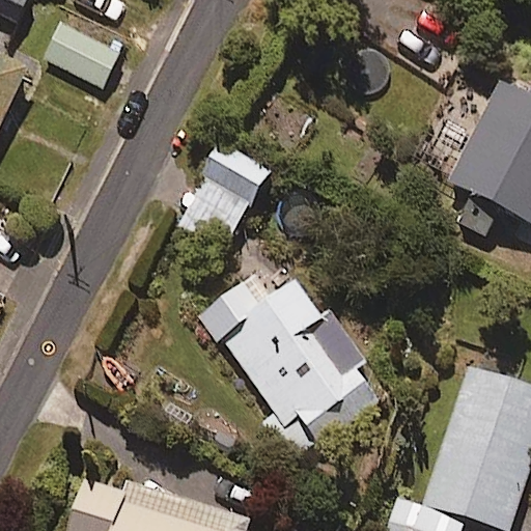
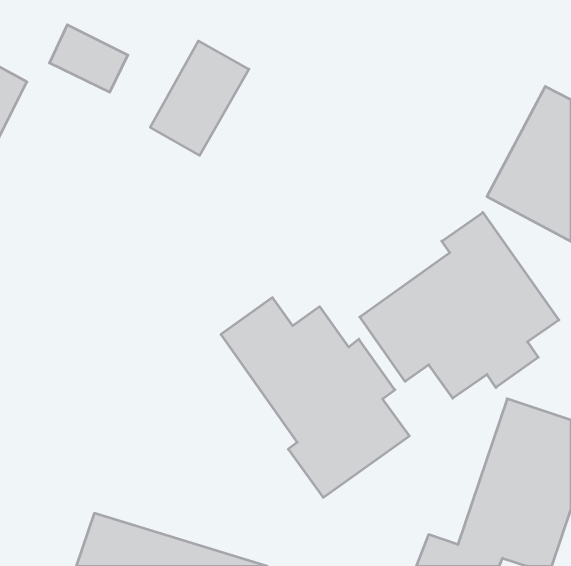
building: [177,146,269,252] -> [150,41,249,155]
building: none -> [360,212,559,398]

